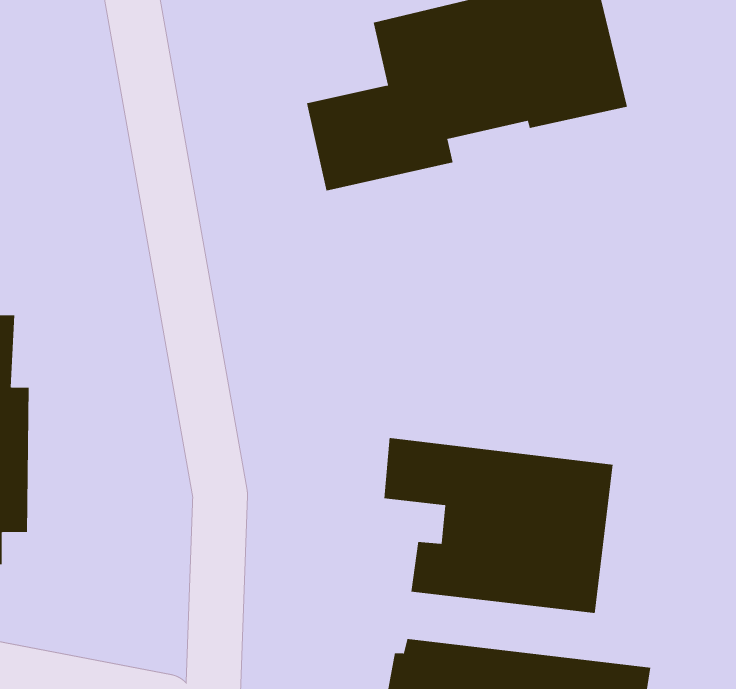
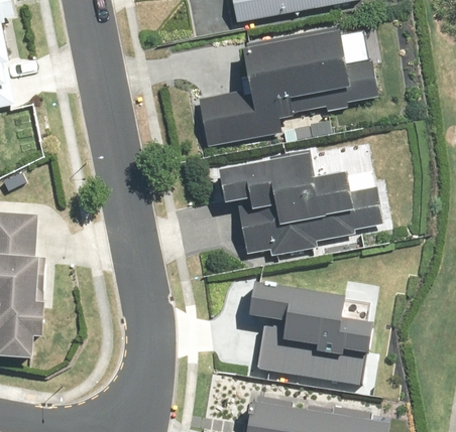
building: none -> [217,154,381,258]

